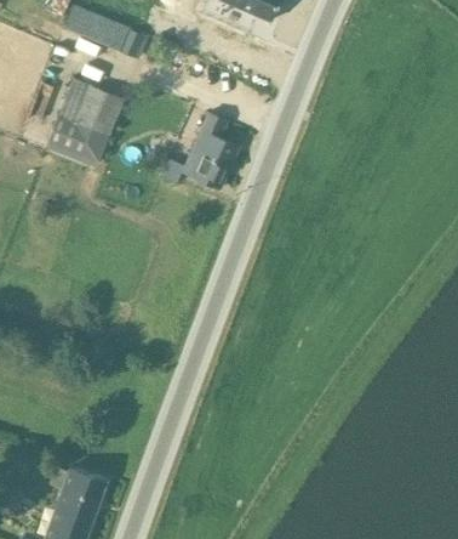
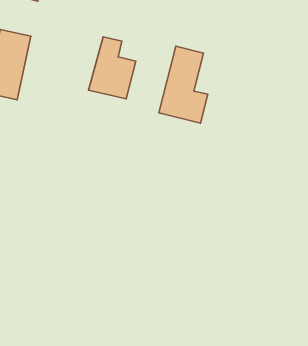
building: none -> [159,46,208,123]

